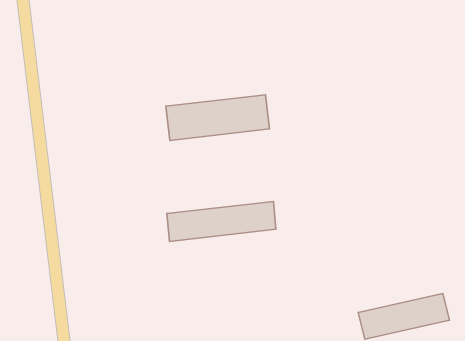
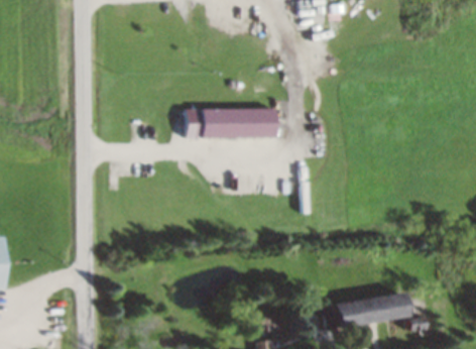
building: [167,201,276,241] -> none

